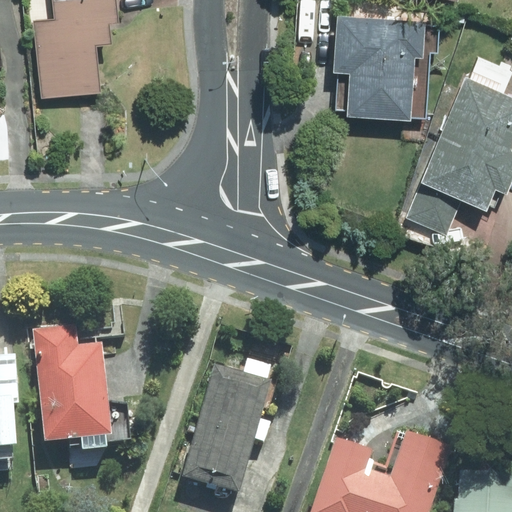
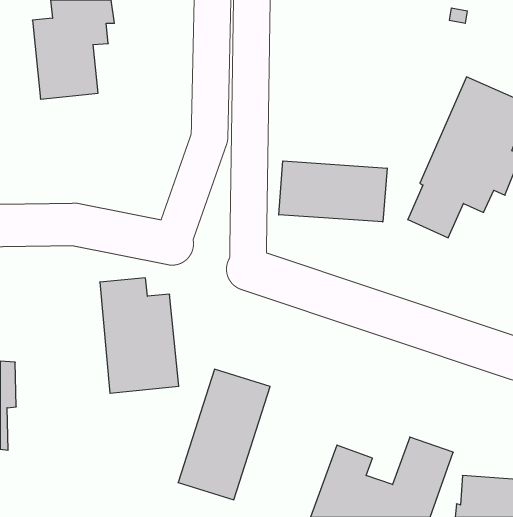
building: [329,13,438,119] -> none
building: none -> [279,161,387,222]
building: [33,327,111,441] -> [100,278,179,393]

